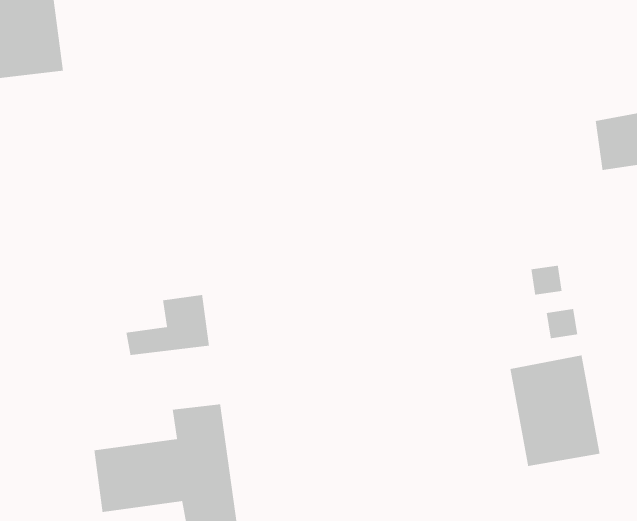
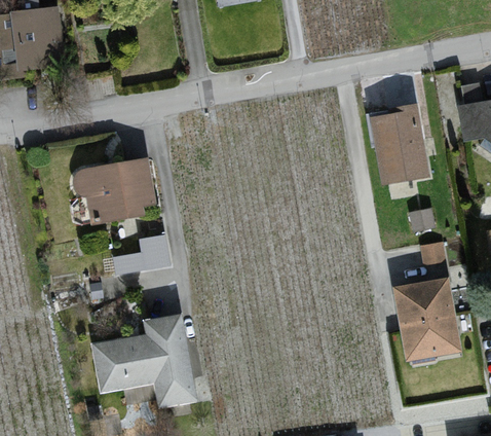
building: none -> [369,107,426,181]
building: none -> [78,155,156,216]

